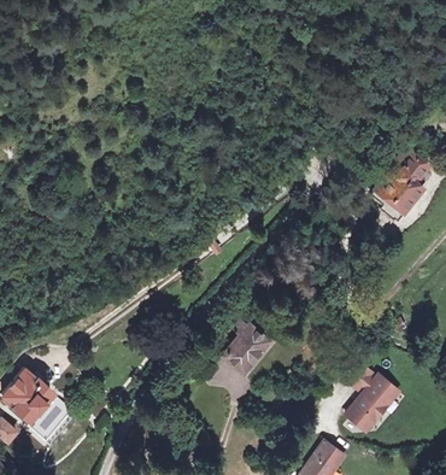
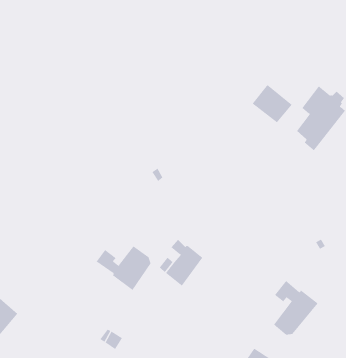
building: none -> [252,84,293,123]
building: none -> [96,245,151,291]

